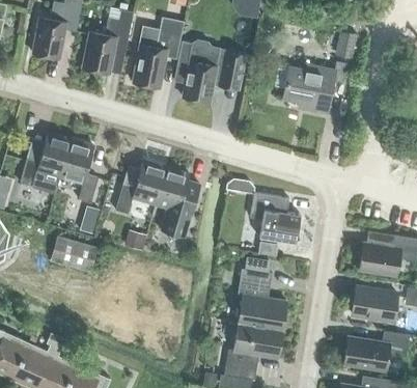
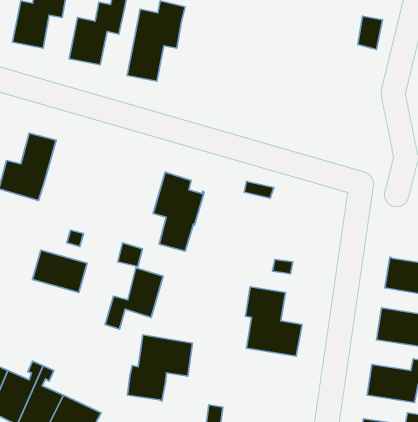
building: [174,37,246,102] -> none
building: [282,60,350,113] -> none
building: [60,139,99,202] -> none
building: [115,160,166,214] -> [105,268,163,329]
building: [249,192,300,243] -> none
building: [224,322,281,380] -> [128,335,193,401]

